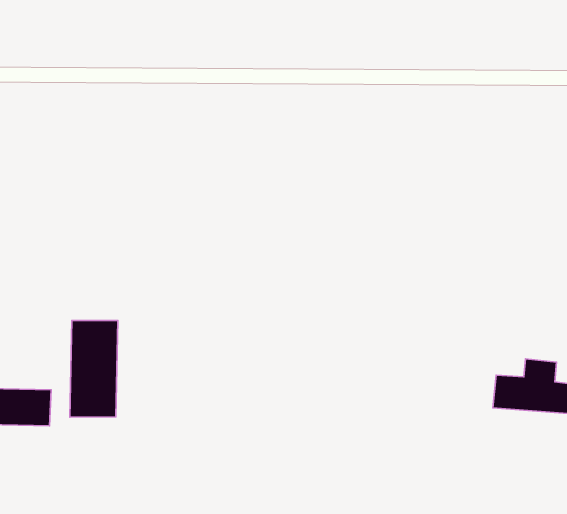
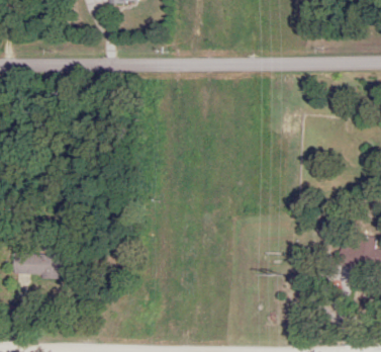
building: [70,321,118,417] -> none

